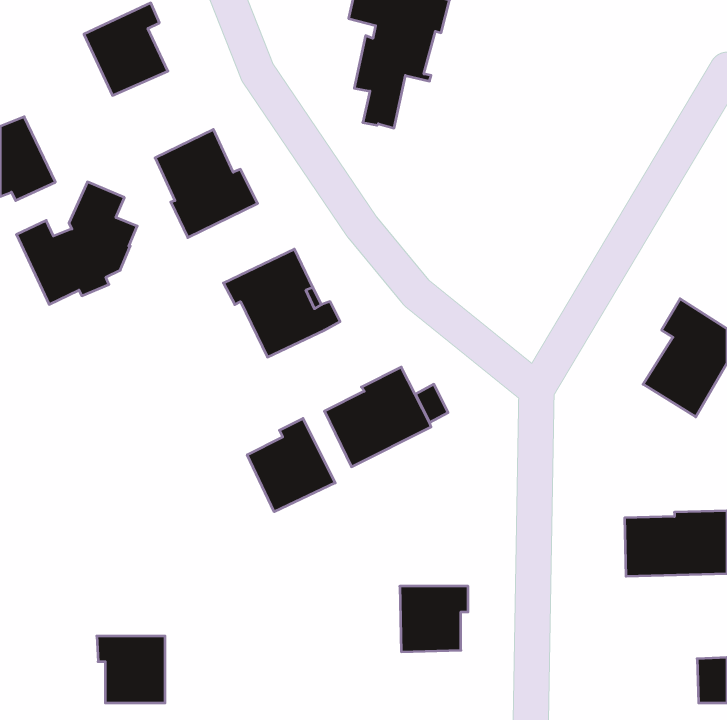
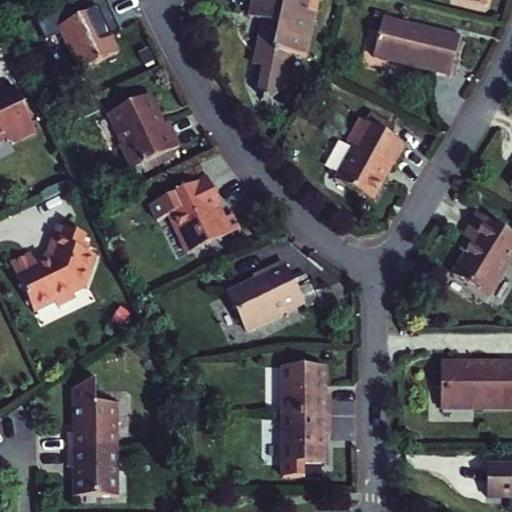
building: none -> [373,16,459,72]
building: none -> [335,115,405,198]
building: [16,182,137,304] -> [11,221,96,307]
building: [247,418,335,512] -> none
building: none -> [281,367,329,412]
building: none -> [68,402,116,447]

